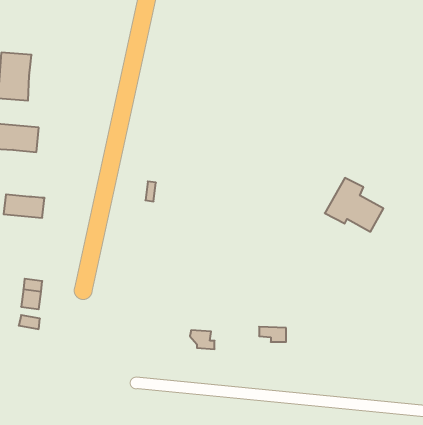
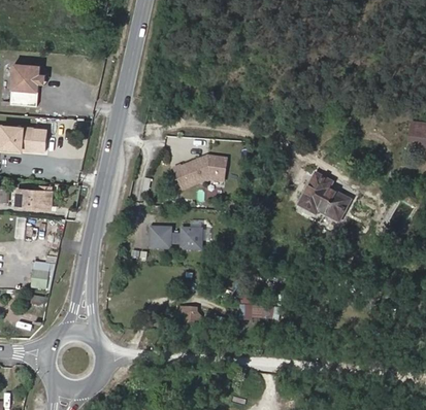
building: none -> [172,155,228,189]
building: none -> [150,226,202,247]

